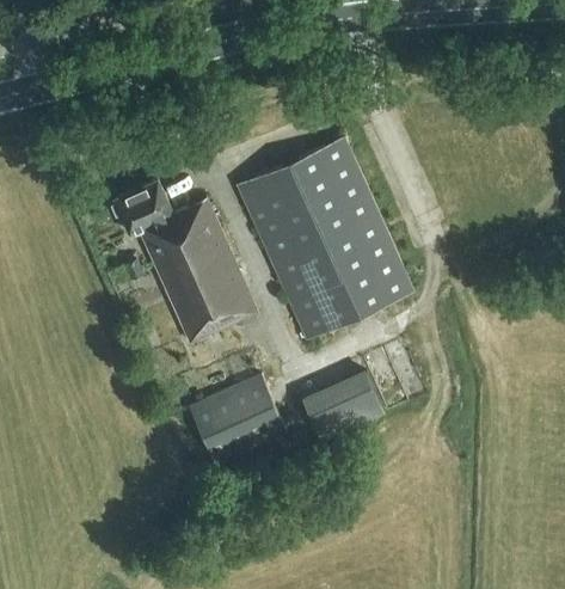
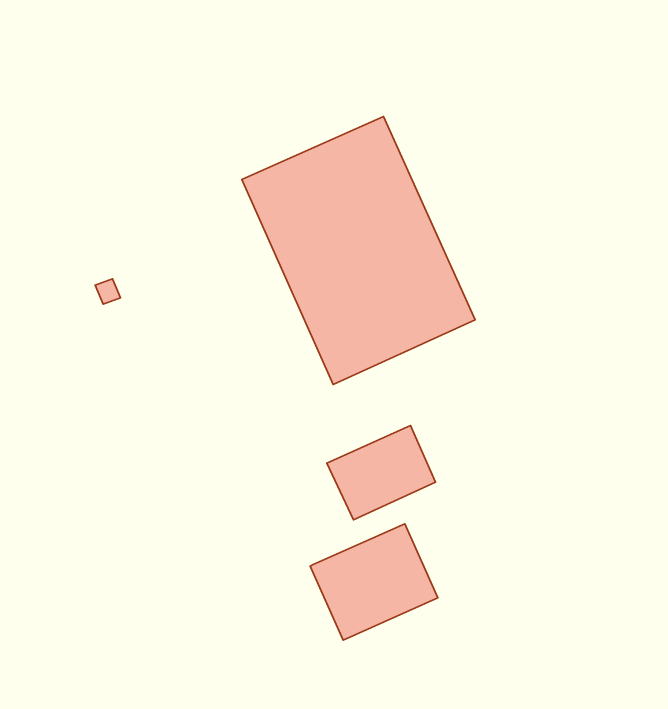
building: [112,179,253,340] -> none
building: [190,375,287,464] -> [310,524,438,640]

